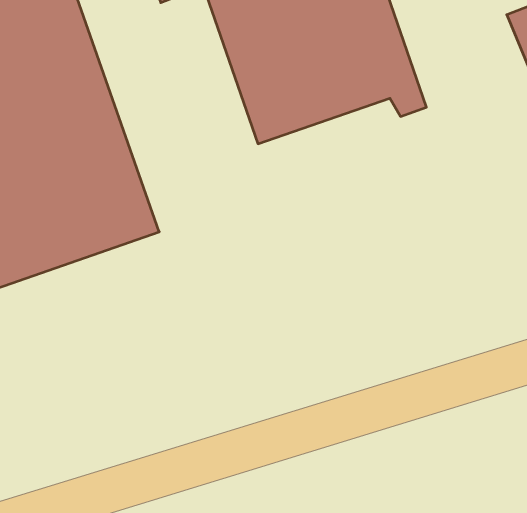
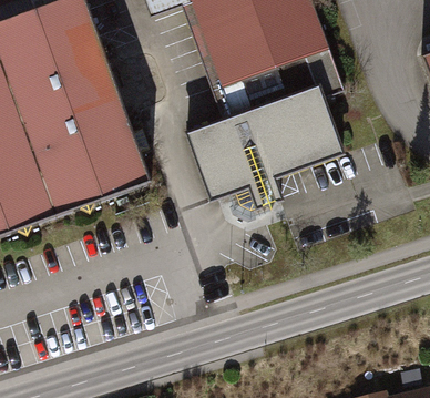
building: none -> [185,83,340,205]

